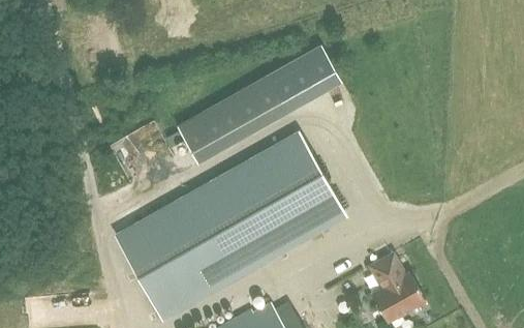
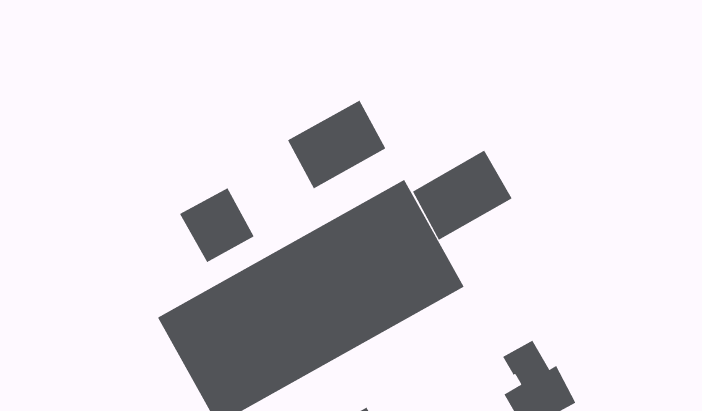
building: [267,44,341,112] -> [412,150,513,240]
building: [177,106,233,161] -> [179,187,254,263]

